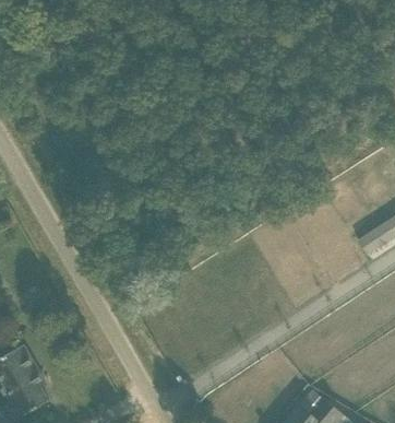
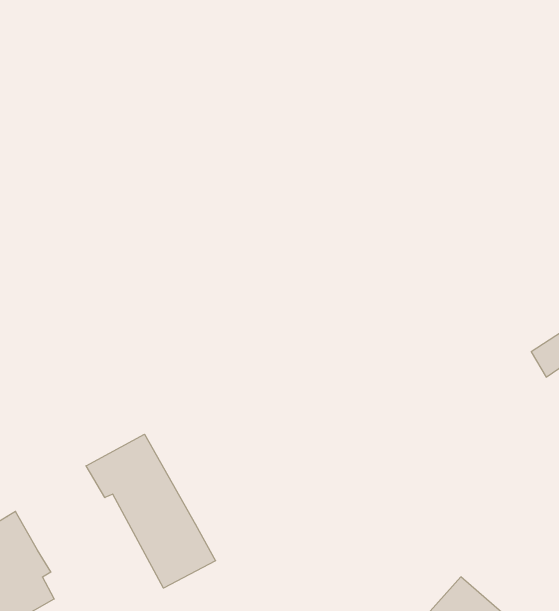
building: none -> [86,434,216,588]

